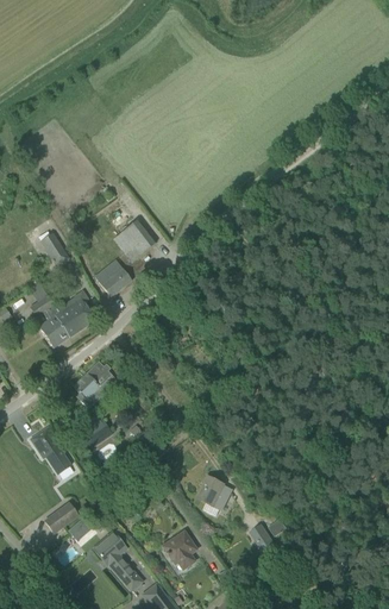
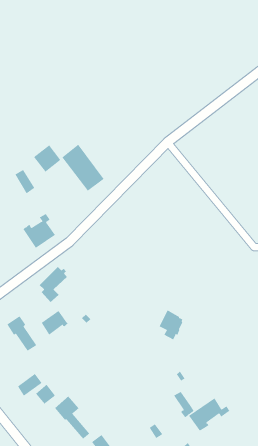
building: [95,259,132,296] -> [33,144,61,172]
building: [30,295,69,346] -> none
building: [197,475,230,515] -> [159,310,183,340]
building: [163,530,197,569] -> none
building: none -> [189,397,230,432]

